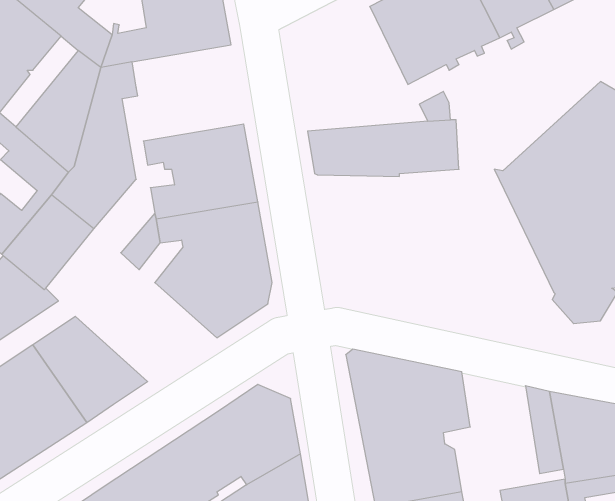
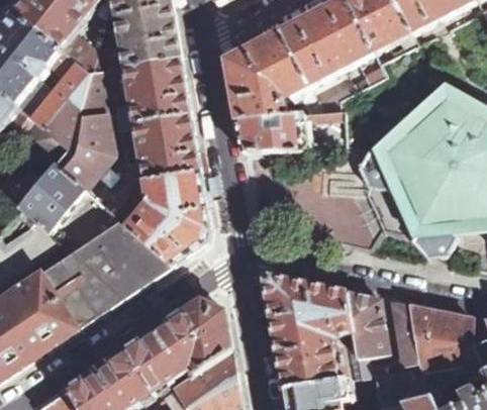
building: none -> [226,29,307,118]
building: none -> [110,57,190,125]
building: none -> [70,219,171,297]
building: none -> [346,290,387,374]

